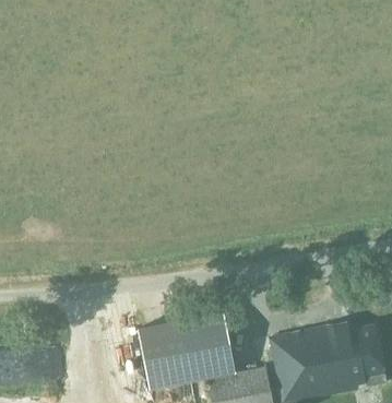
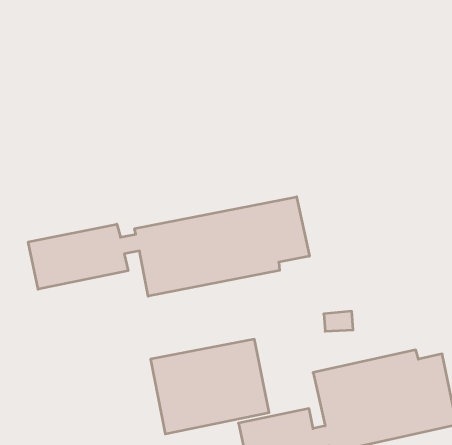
building: none -> [28,197,309,296]

